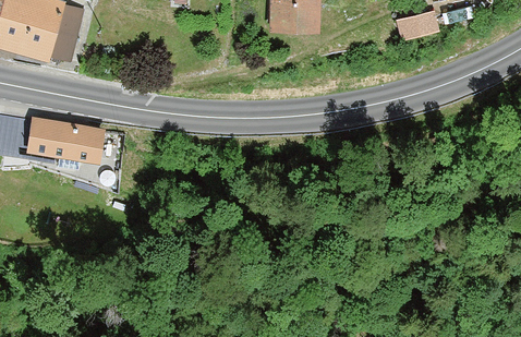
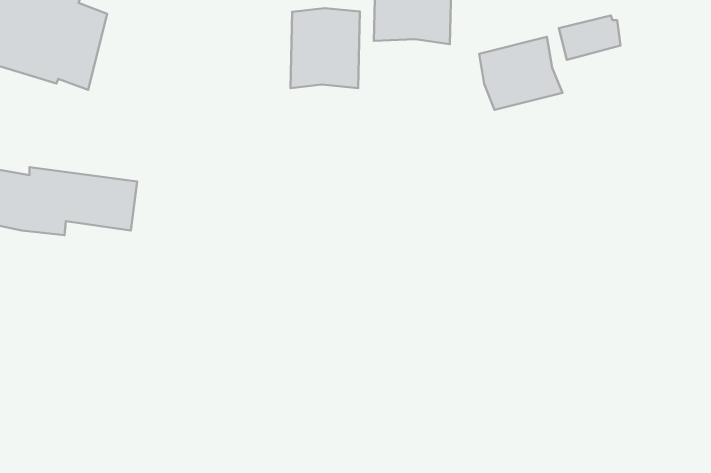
building: none -> [290,8,360,88]
building: none -> [479,37,562,110]

